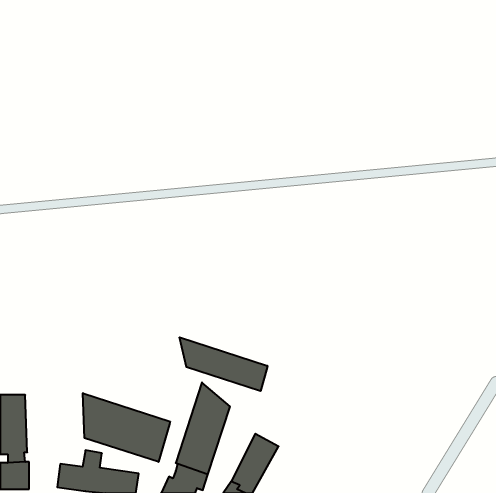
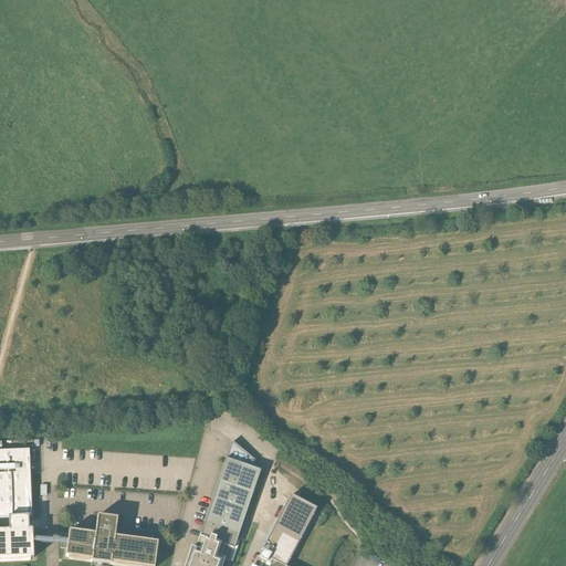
building: [180,337,267,391] -> none
building: [83,393,170,462] -> none

